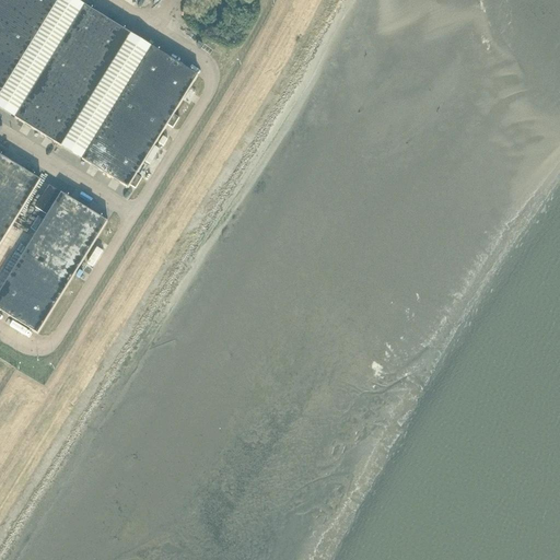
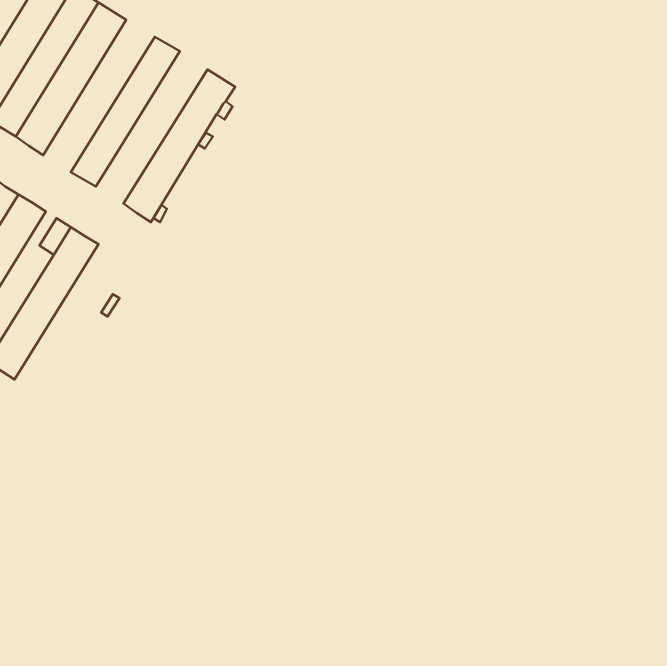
building: [36,16,129,143] -> none
building: [80,43,173,170] -> none
building: [12,203,105,330] -> none

